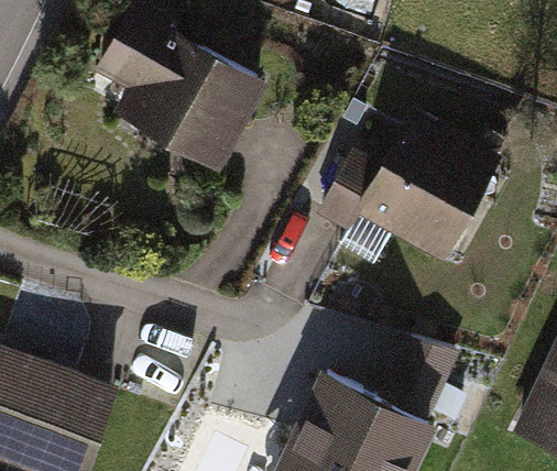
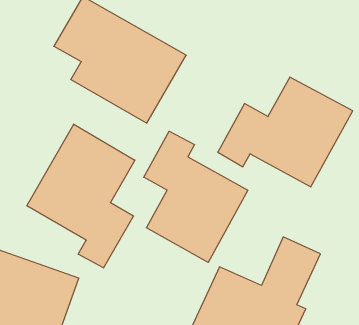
building: none -> [27,124,135,268]
building: none -> [144,131,248,262]

